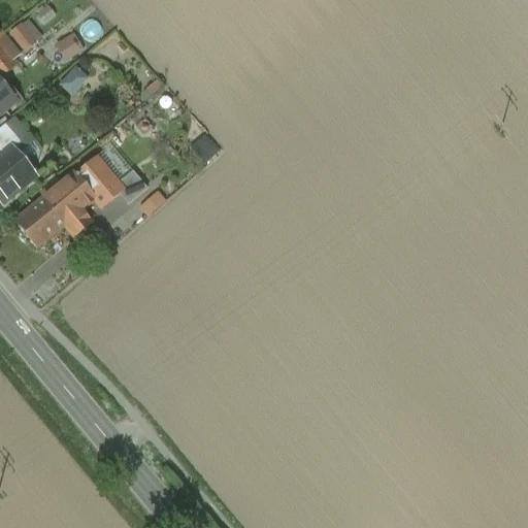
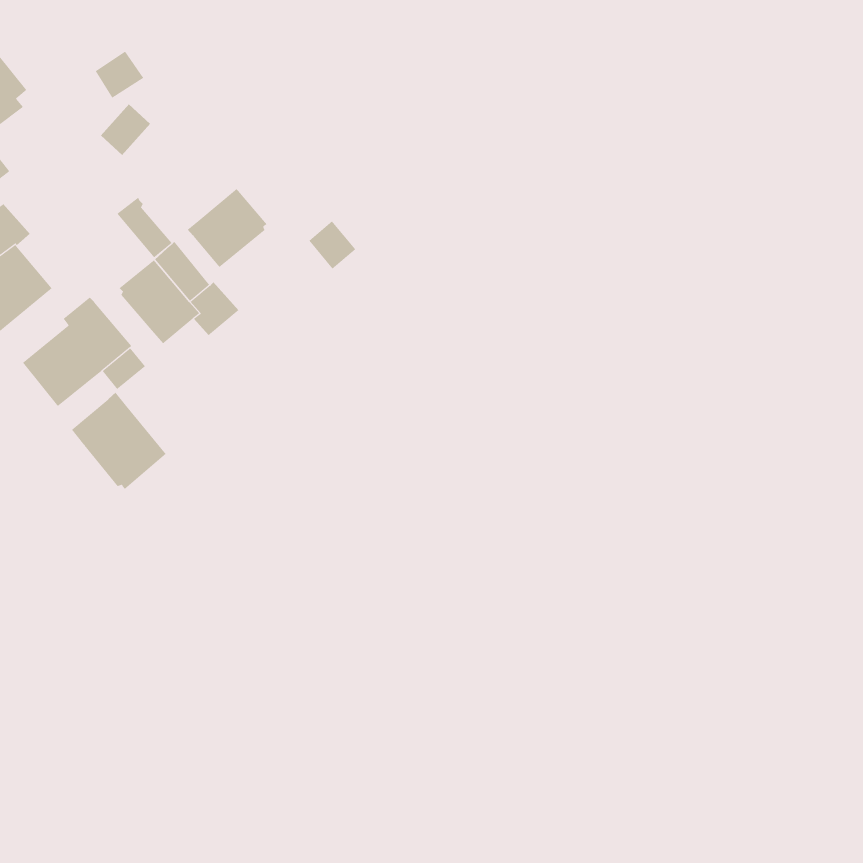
building: [11,16,46,52] -> none
building: none -> [187,188,268,268]
building: [58,173,92,210] -> [116,197,172,258]
building: none -> [71,392,167,490]

